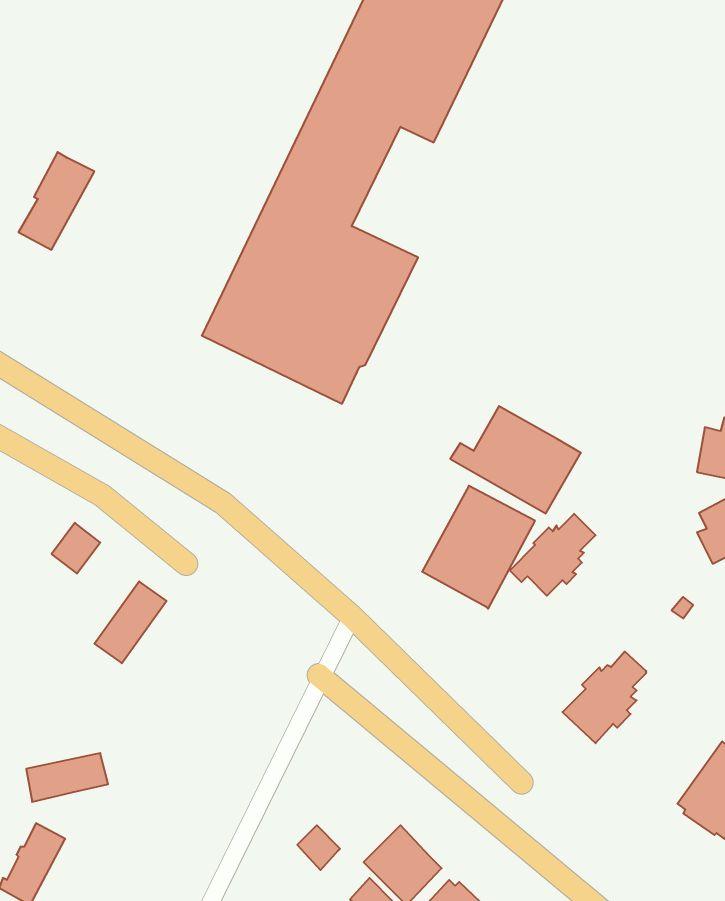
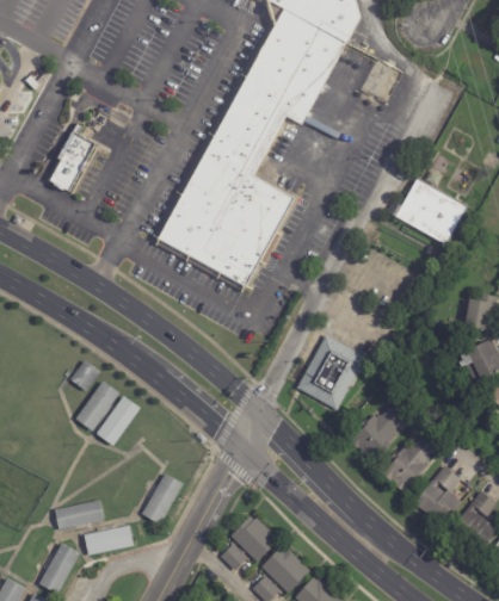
building: [450,406,581,513] -> [388,179,468,244]
building: [510,514,596,596] -> [350,408,402,458]
building: none -> [74,379,118,430]
building: none -> [413,467,462,528]
building: none -> [141,472,183,523]
building: none -> [229,515,278,562]
building: none -> [84,525,133,554]

